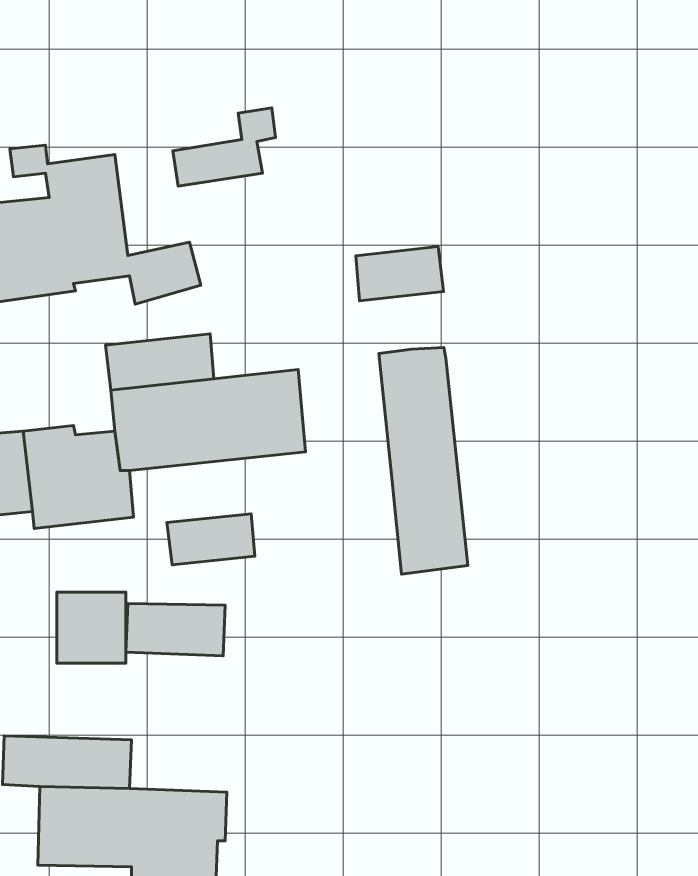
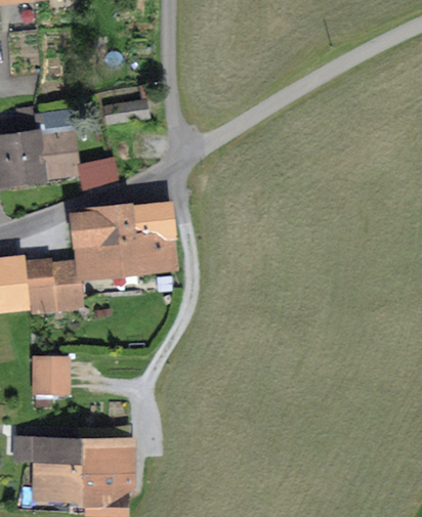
building: [356,247,444,301] -> [124,203,172,232]
building: [379,347,468,574] -> none
building: [167,514,255,565] -> none
building: [126,603,225,656] -> [80,430,134,459]

